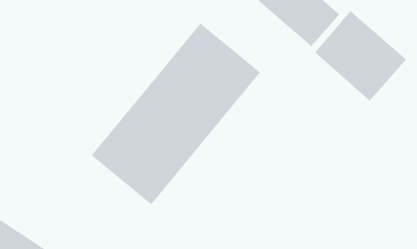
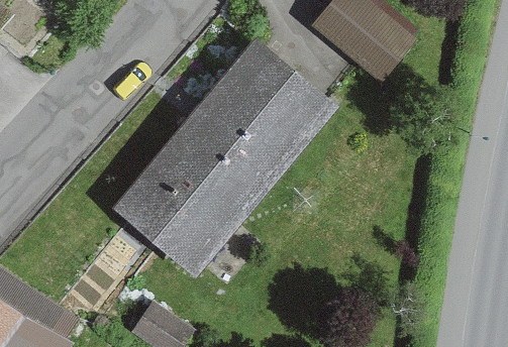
building: [314,10,407,102] -> none

